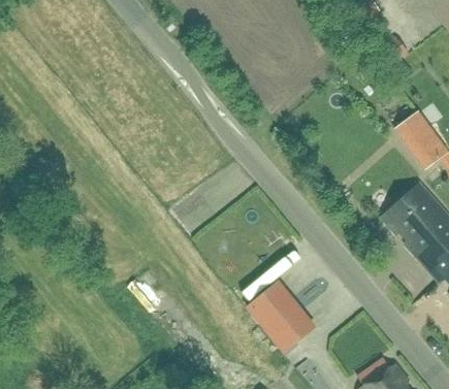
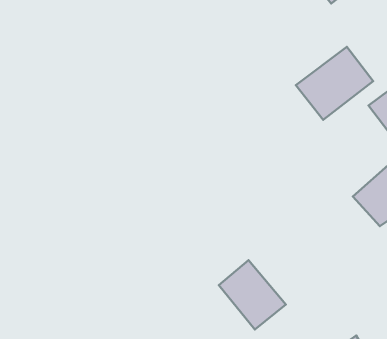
building: none -> [296,47,373,120]

